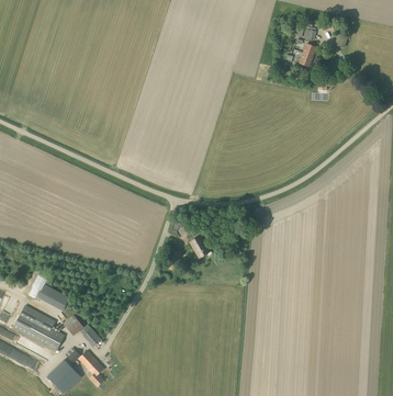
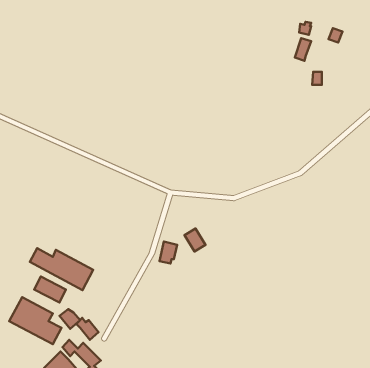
building: none -> [30,248,93,290]

